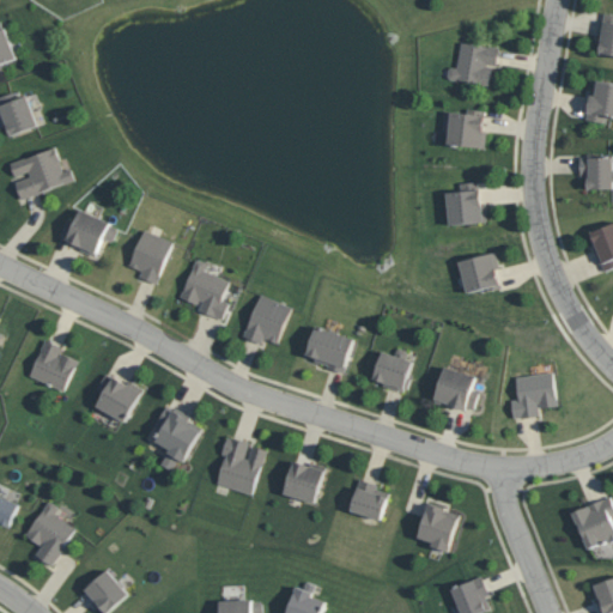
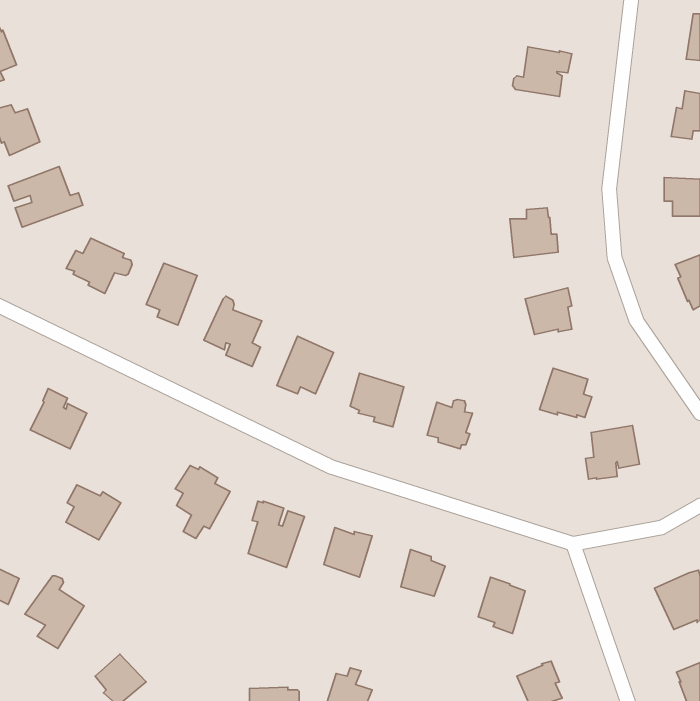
building: [444,109,484,150] -> none
building: [431,368,477,411] -> [539,368,592,418]
building: [93,375,141,423] -> [66,485,121,540]

